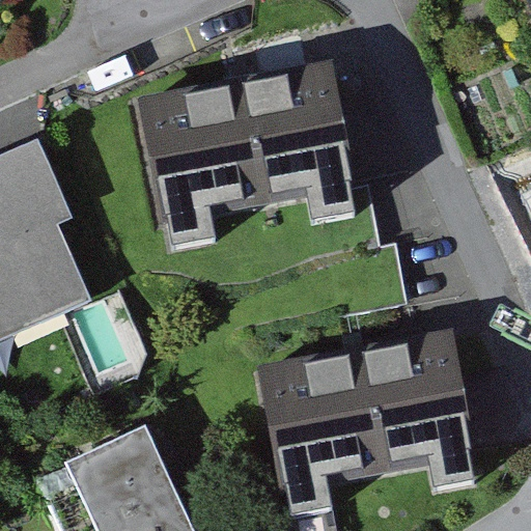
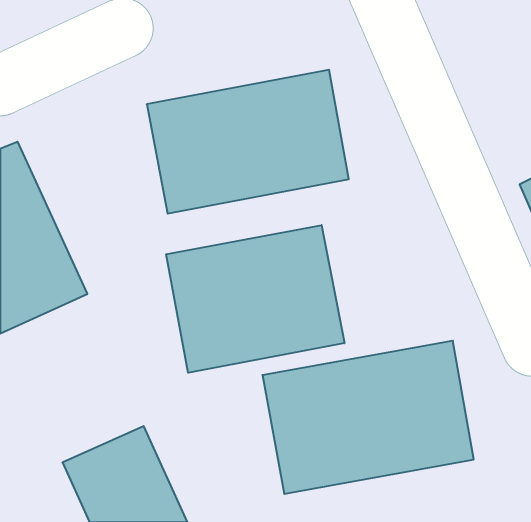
building: none -> [166,225,344,373]

